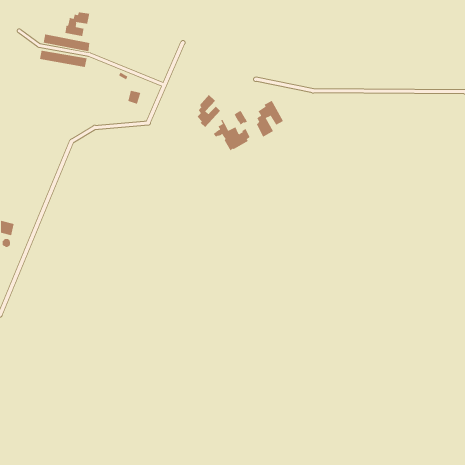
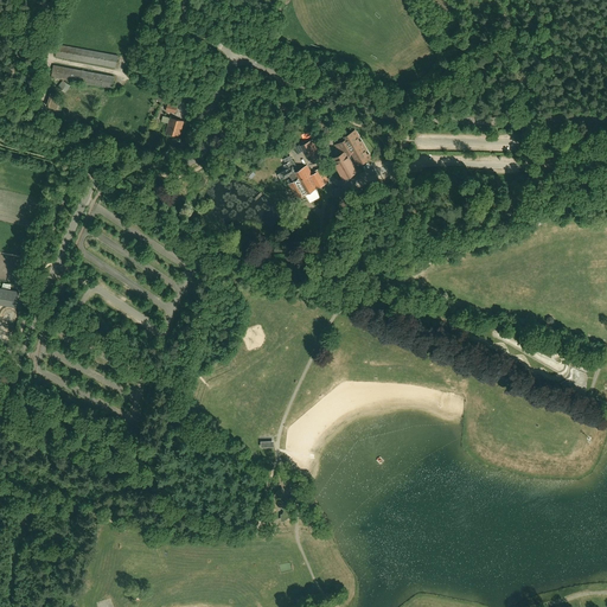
building: [65,11,90,37] -> none
building: [197,94,221,128] -> none

